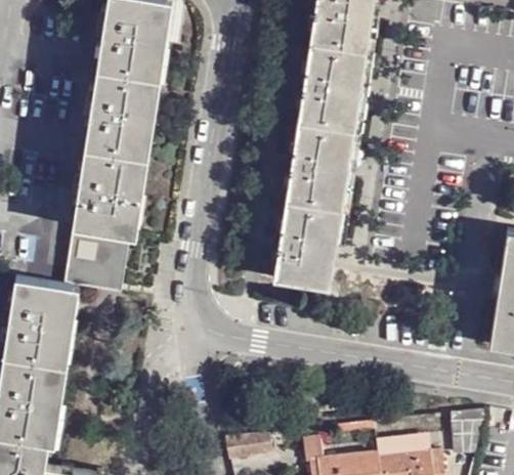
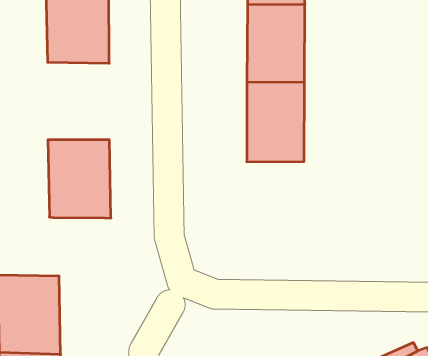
building: [85,76,159,164] -> none
building: [272,207,342,295] -> none
building: [72,234,131,294] -> none

